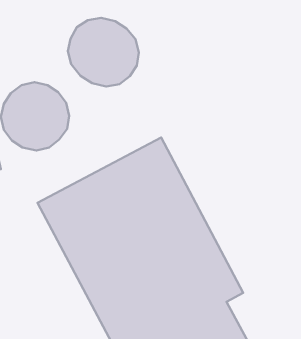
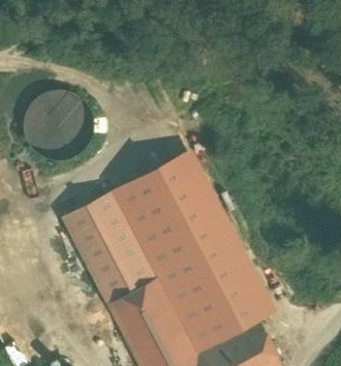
building: [68,18,139,86] -> none

